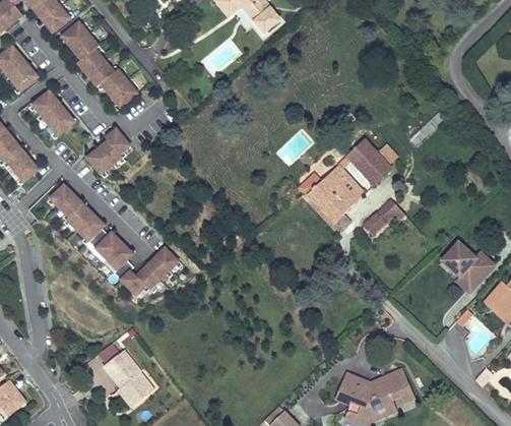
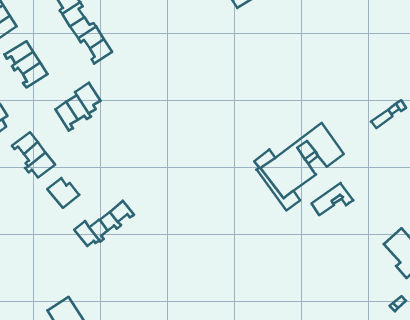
building: [77,215,105,244] -> none
building: [107,243,133,280] -> none

